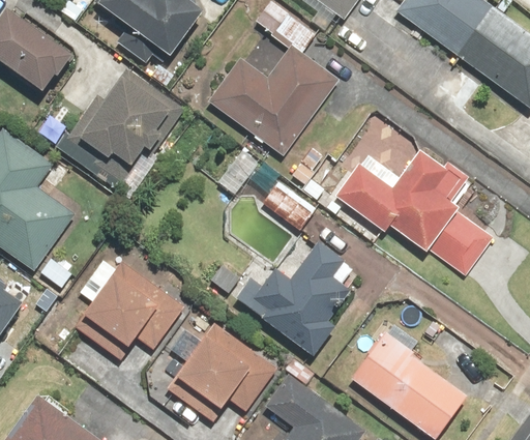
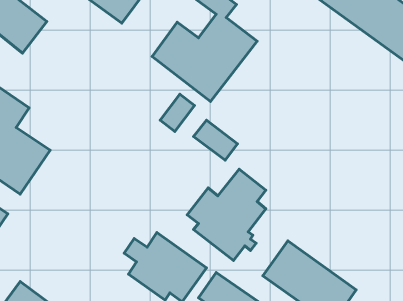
building: [71,66,189,168] -> none
building: [335,150,494,274] -> none
building: [84,260,185,349] -> none

